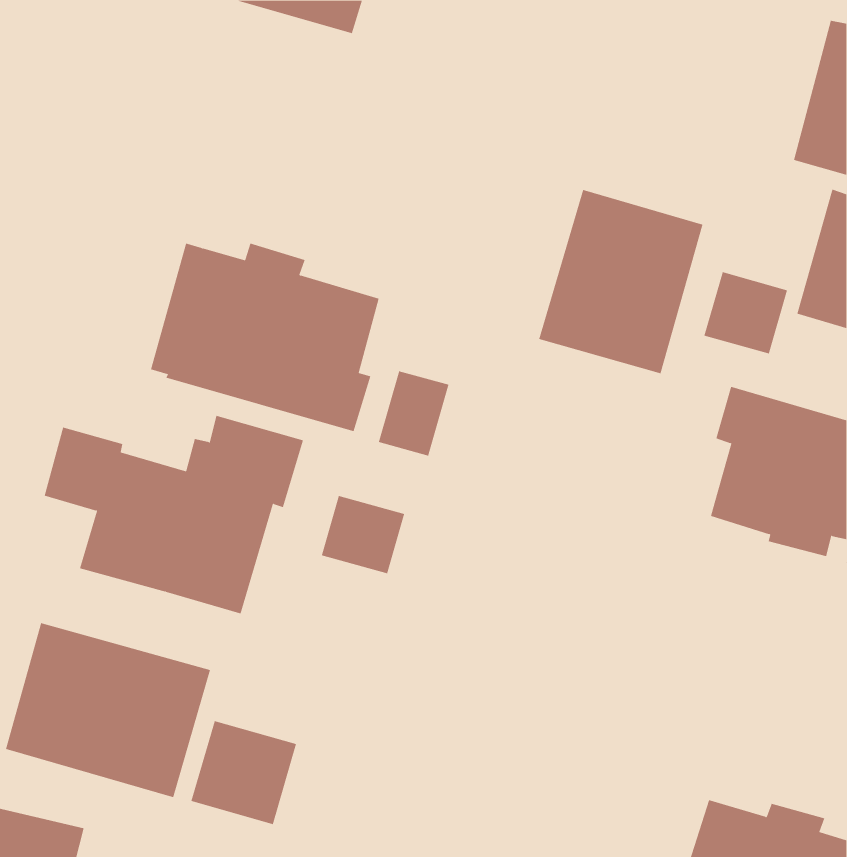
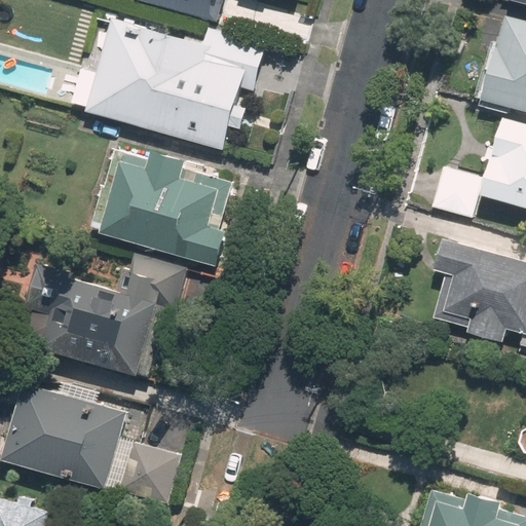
building: none -> [85,20,264,151]
building: [539,189,703,374] -> none
building: [378,370,449,456] -> none
building: [321,495,405,574] -> none

